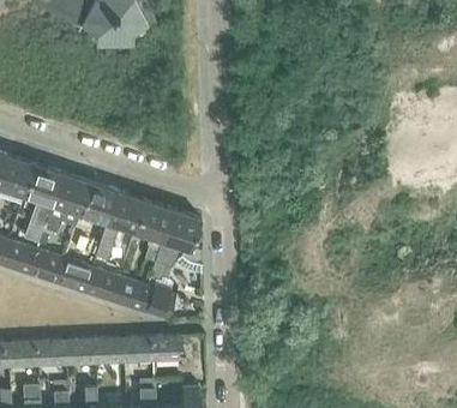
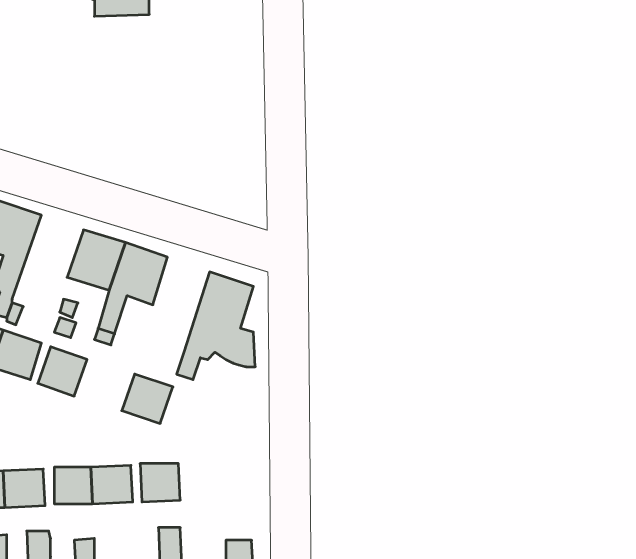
building: [42,174,89,234] -> none
building: [134,202,172,264] -> none
building: [83,269,116,301] -> none
building: [139,287,175,320] -> none
building: [151,336,182,361] -> none

